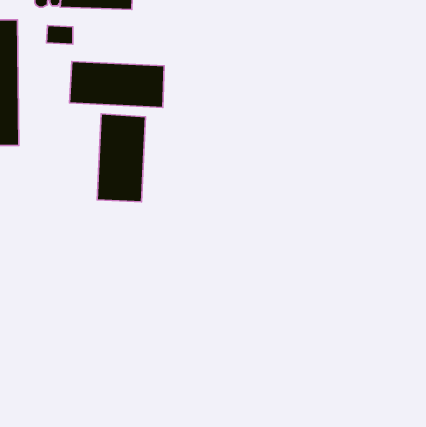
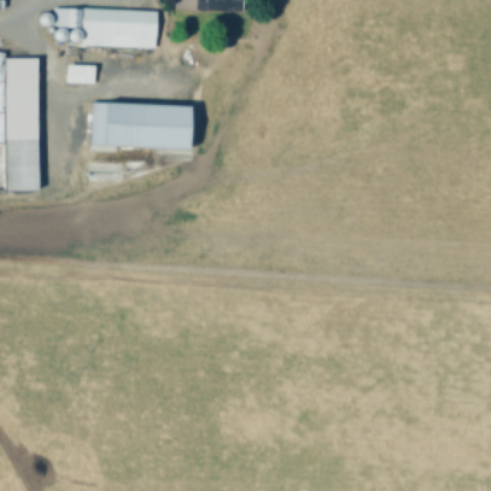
building: [97,114,146,202] -> none

